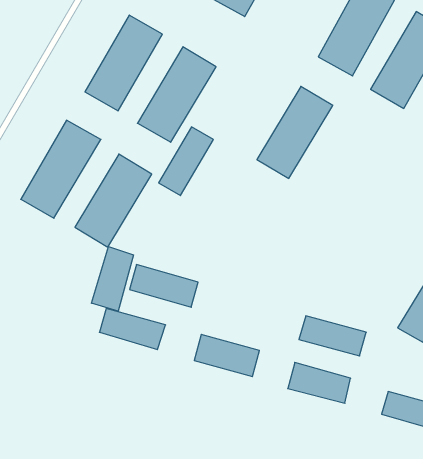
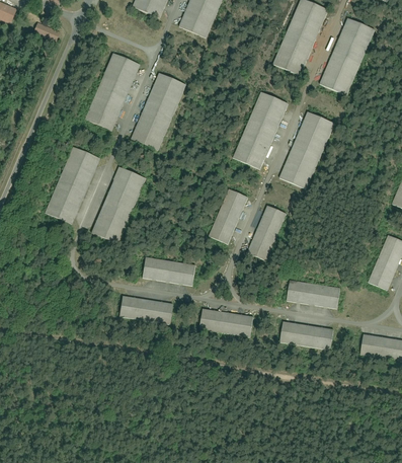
building: none -> [279,112,335,191]
building: [159,127,213,196] -> [209,189,249,247]
building: none -> [247,204,290,262]
building: [91,247,134,311] -> none

